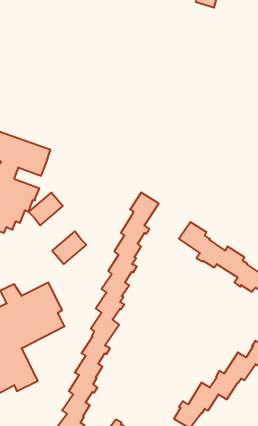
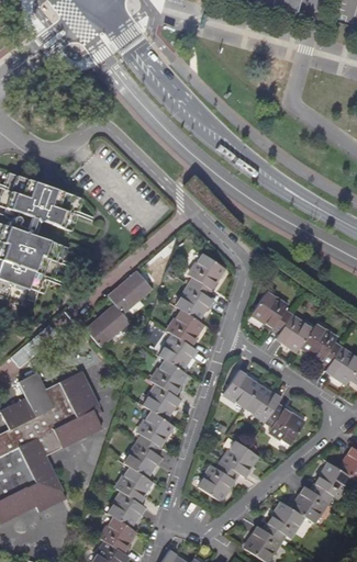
building: [29,193,63,225] -> [108,270,153,313]
building: none -> [224,370,305,445]
building: none -> [198,440,257,501]

